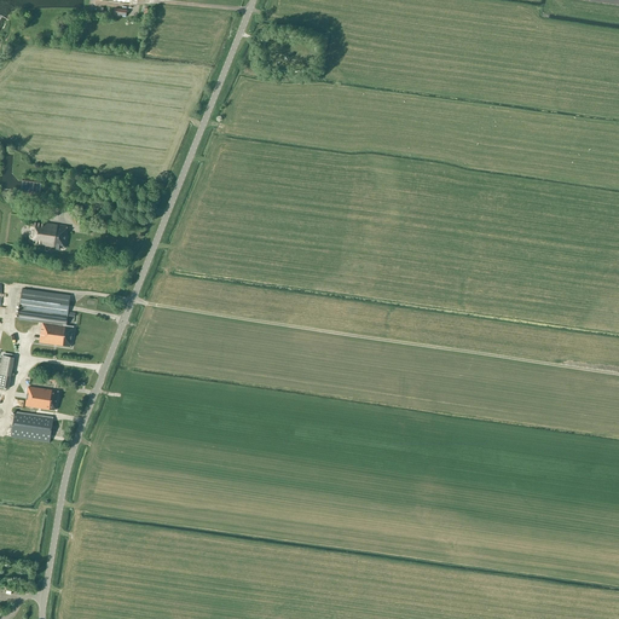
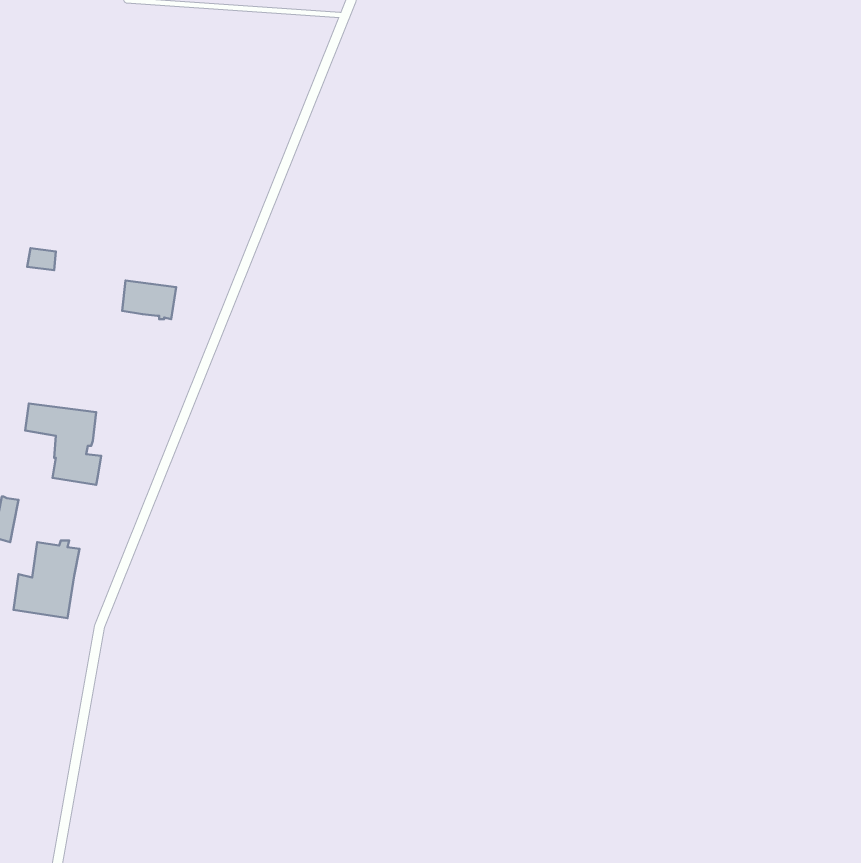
building: [28,221,66,249] -> [122,280,176,319]

